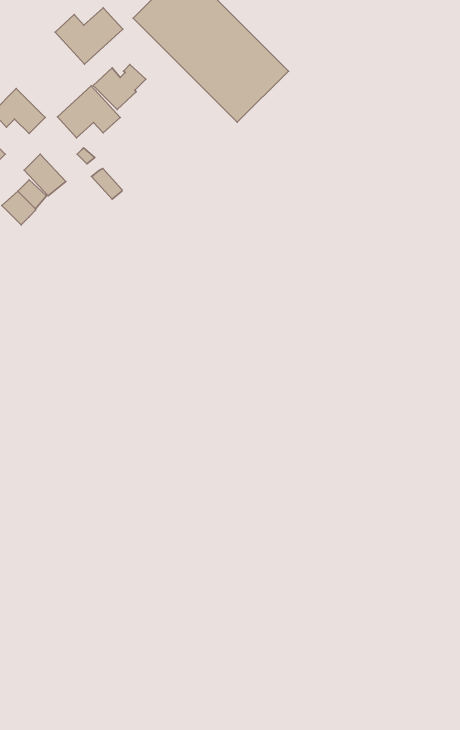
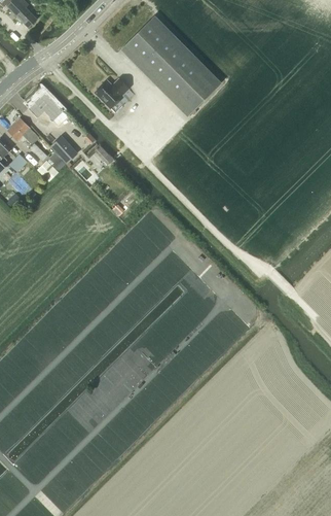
building: [55,8,123,64] -> none
building: [57,86,120,138] -> none

